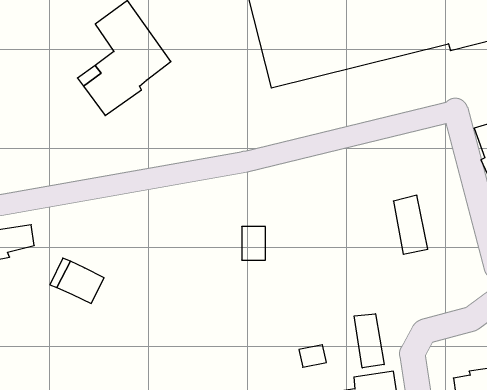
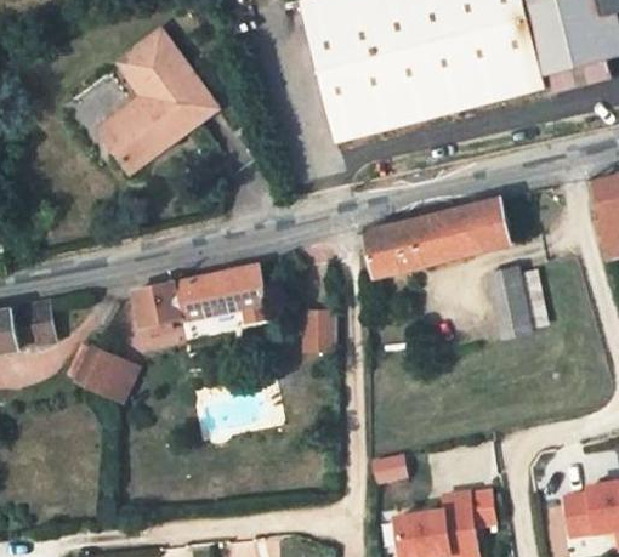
building: none -> [365,193,518,278]
building: none -> [134,278,266,339]
building: [354,314,384,368] -> none

